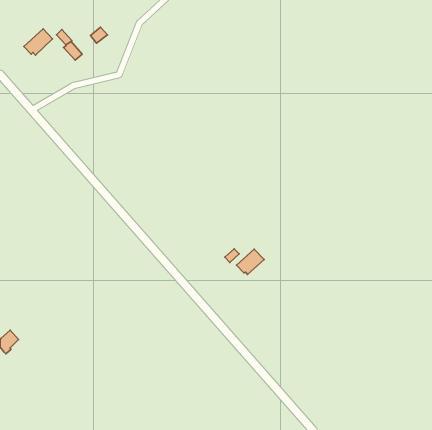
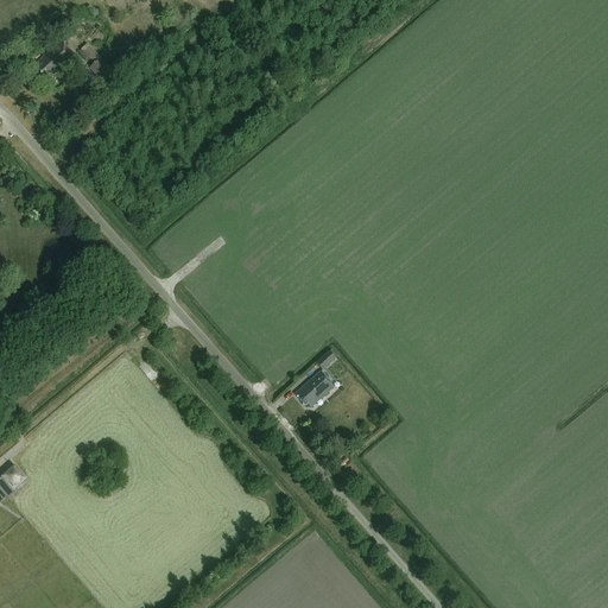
building: [236,249,264,275] -> [294,370,334,406]

